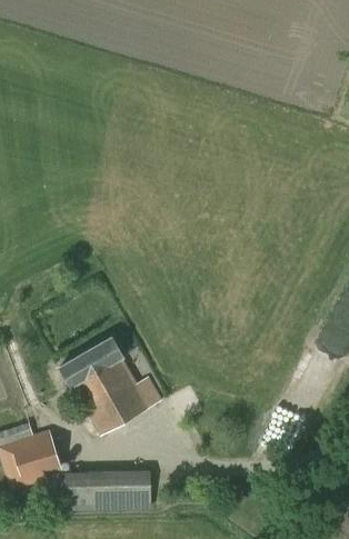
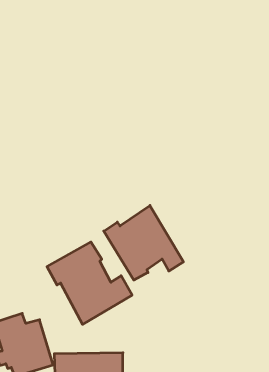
building: none -> [104,205,183,280]

